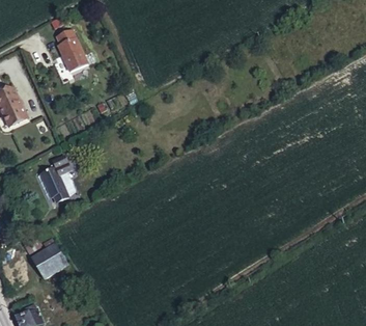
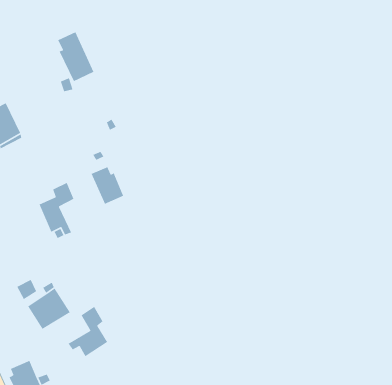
building: none -> [91,166,124,205]
building: none -> [67,306,108,357]

